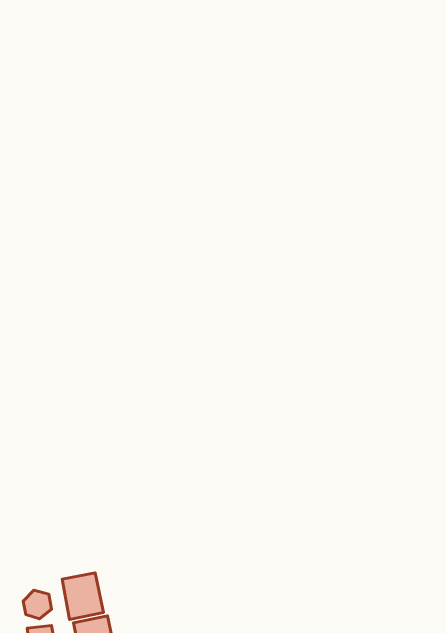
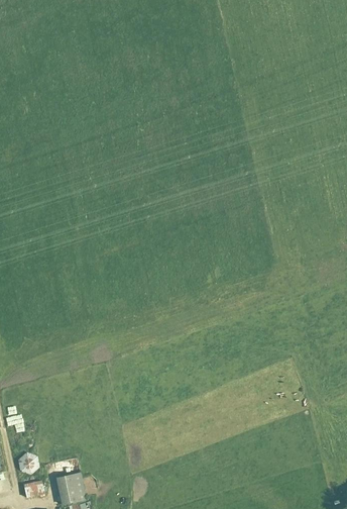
building: [62,573,104,620] -> none

